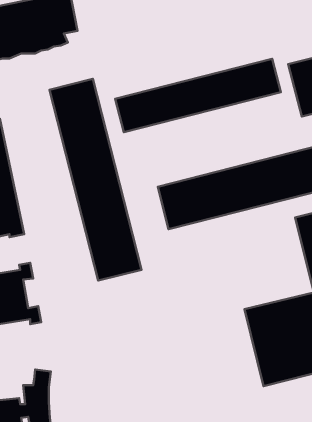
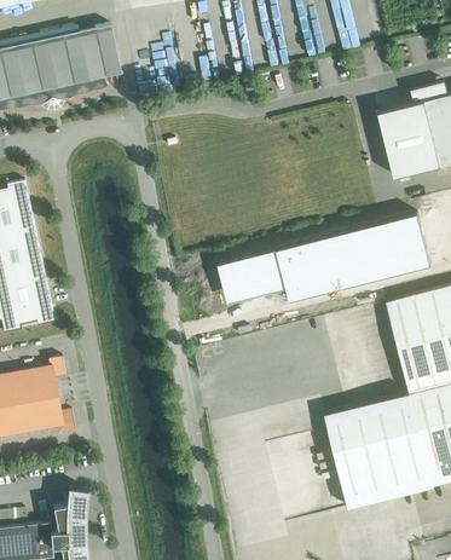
building: [115,59,281,132] -> none
building: [49,79,141,281] -> none

